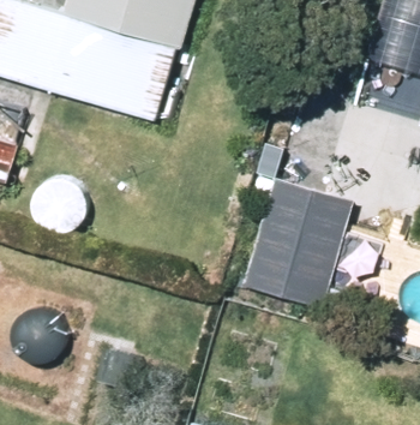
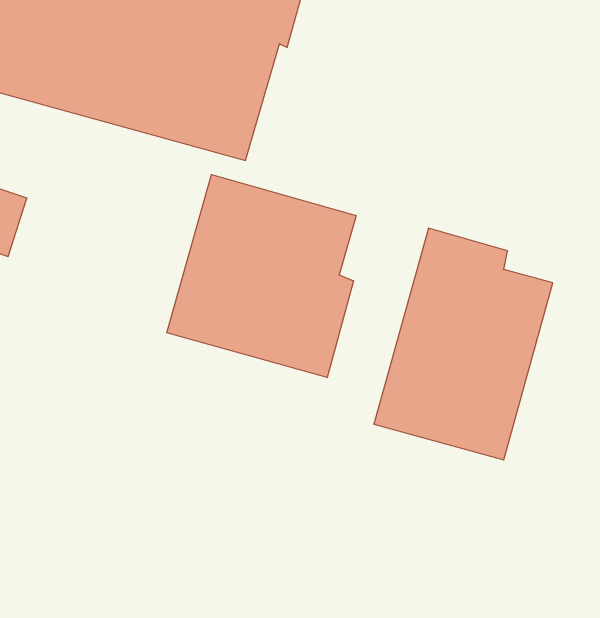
building: none -> [167,175,356,378]

